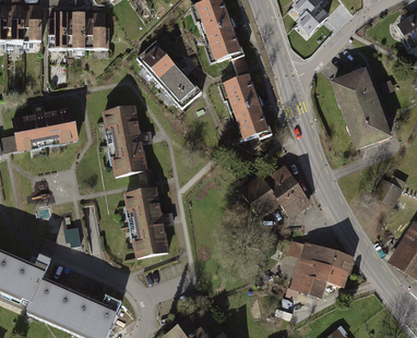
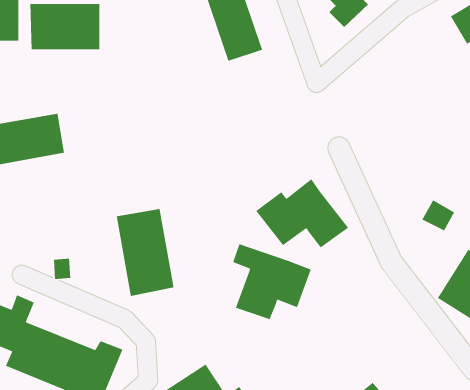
building: [135,39,194,100] -> none
building: [331,69,392,150] -> none
building: [218,72,271,142] -> none
building: [96,100,146,174] -> none
building: [287,237,354,301] -> [232,243,312,320]

